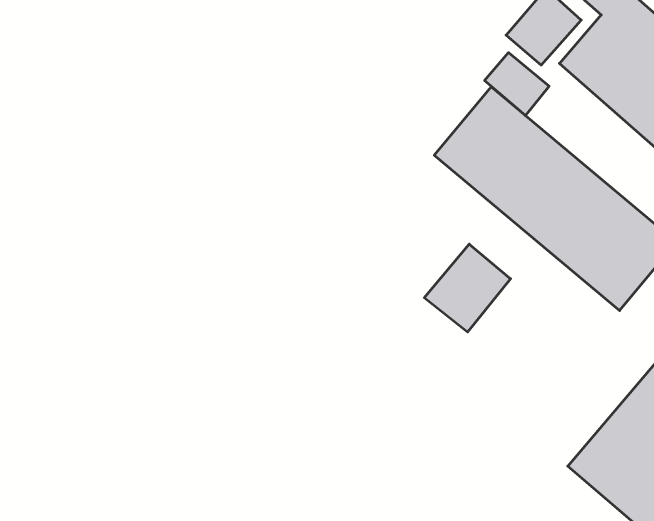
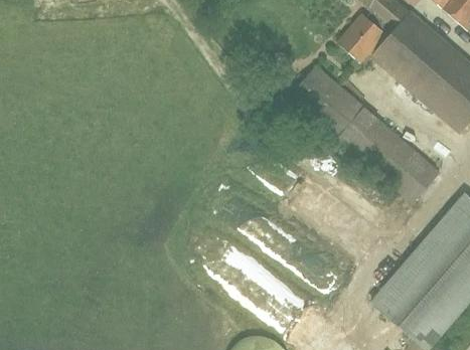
building: [485,53,549,116] -> none
building: [424,244,511,332] -> none

